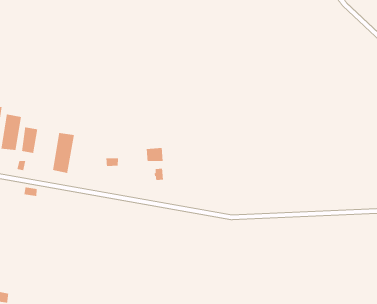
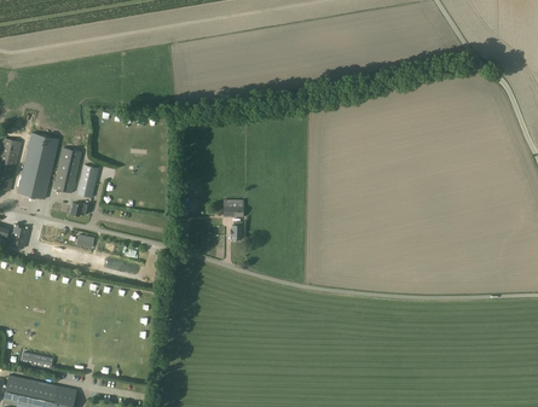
building: [52,132,75,174] -> none

